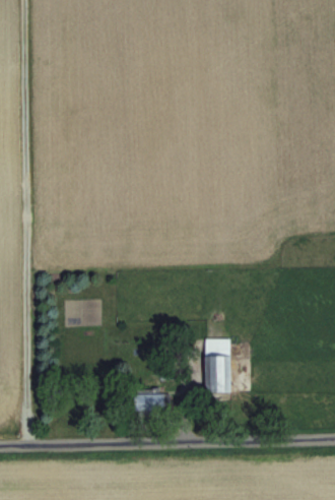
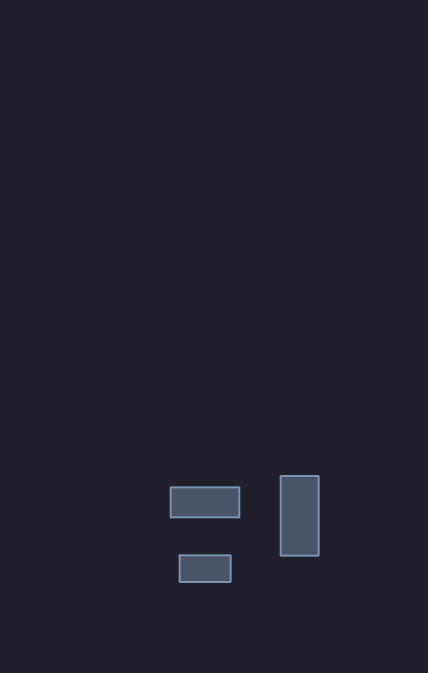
building: none -> [171,487,239,518]

